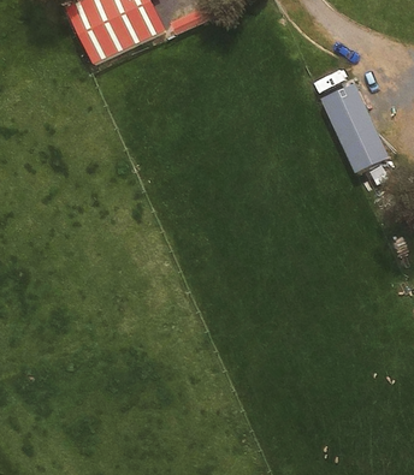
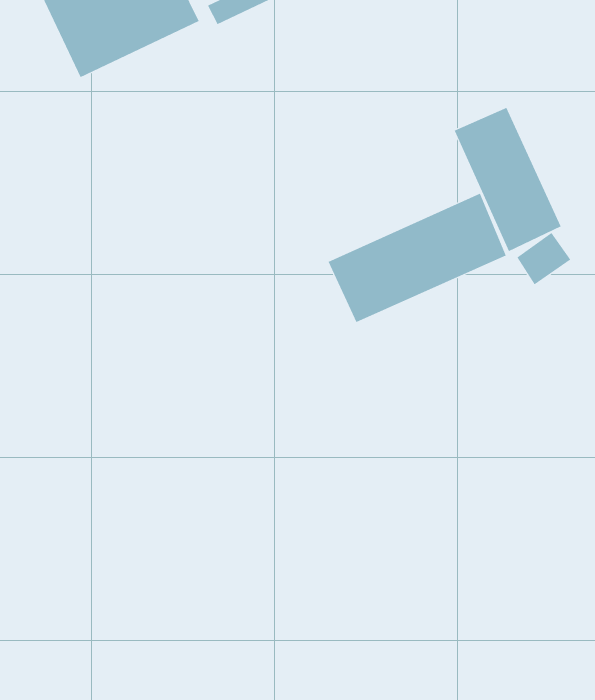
building: none -> [328,193,507,323]

